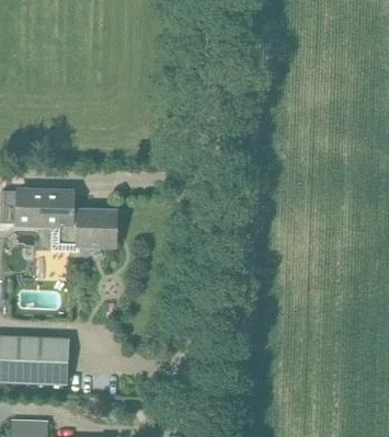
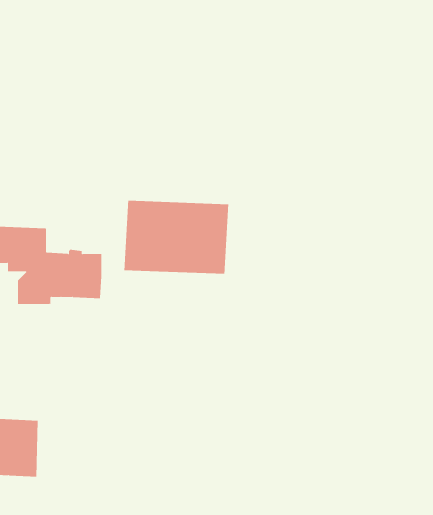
building: none -> [124,200,229,275]

